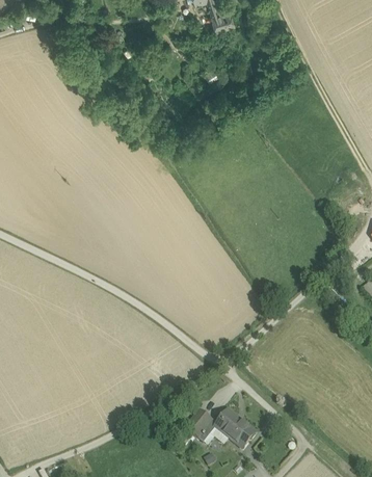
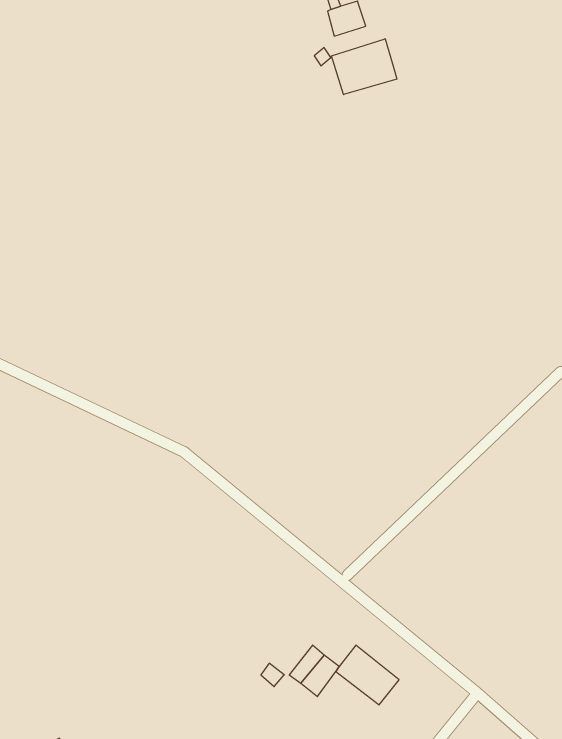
building: none -> [331,39,397,95]

